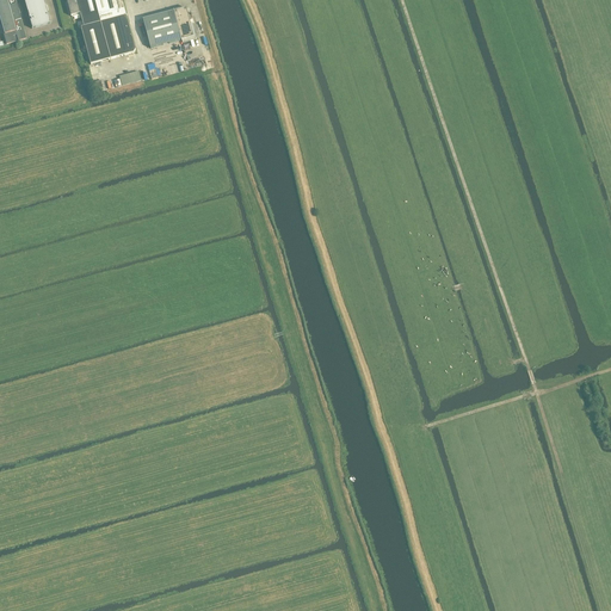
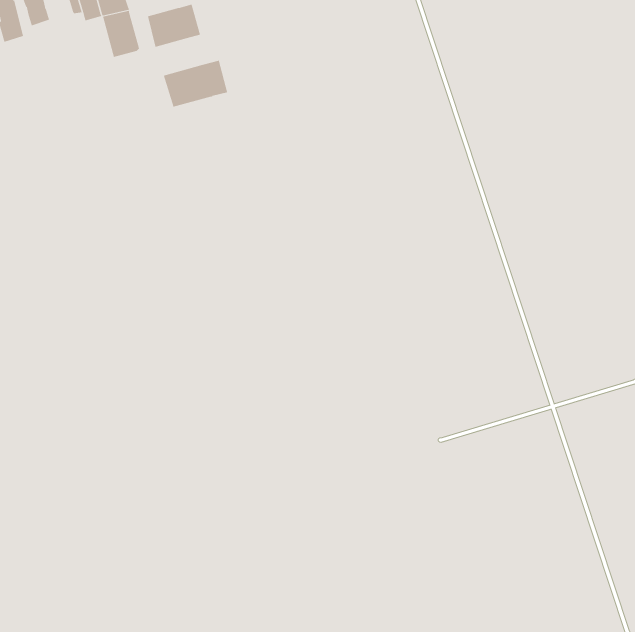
building: [79,16,109,61] -> none
building: none -> [163,60,228,107]

